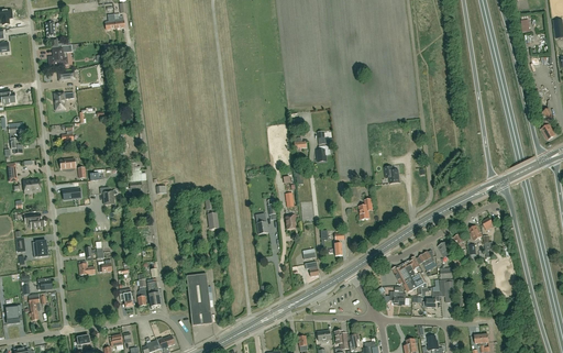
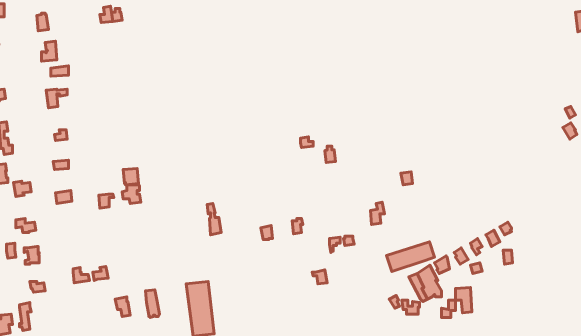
building: none -> [386,242,435,272]

